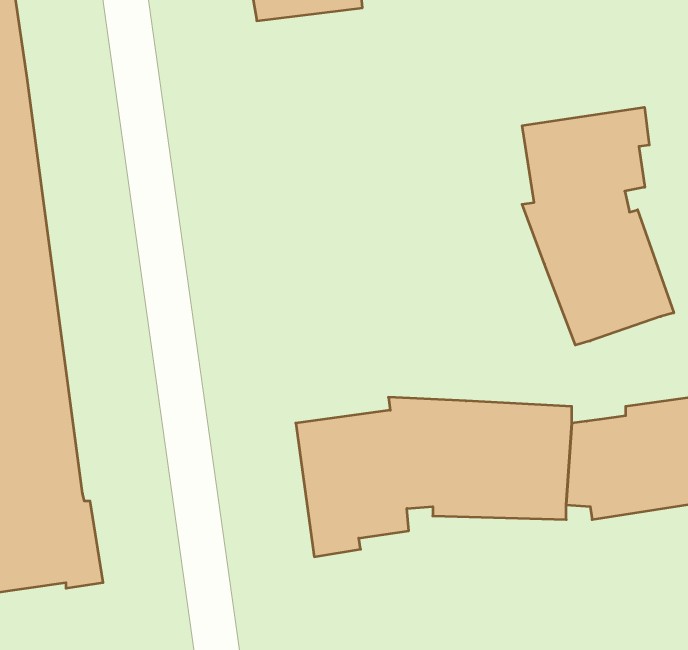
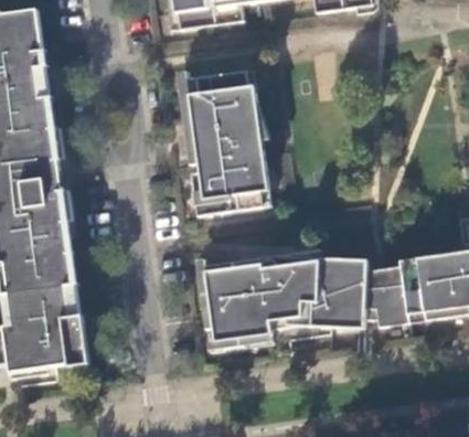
building: none -> [188,67,269,214]
building: [522,107,674,345] -> none

